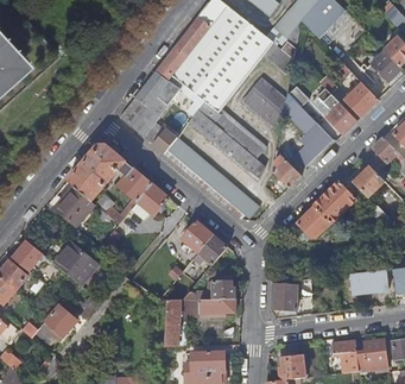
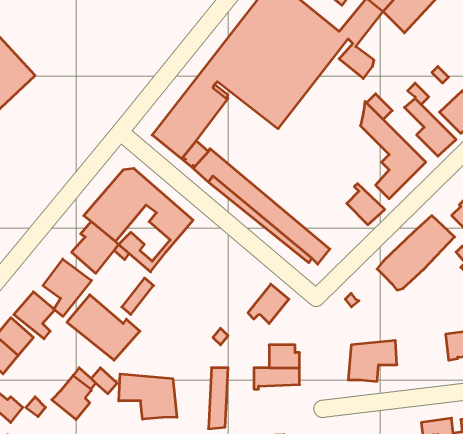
building: [241,78,285,127] -> none
building: [173,90,266,181] -> none
building: [131,184,169,220] -> none
building: none -> [43,259,92,316]
building: [178,221,213,260] -> none
building: none -> [119,374,177,419]

